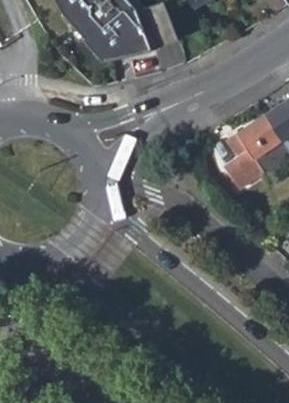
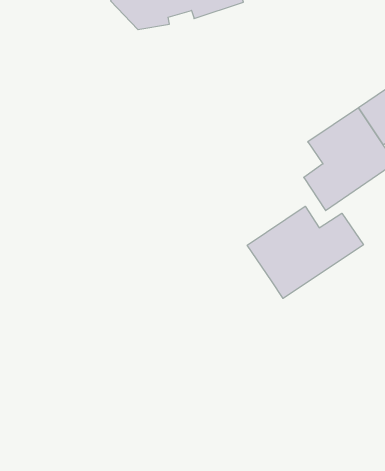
building: none -> [247,206,363,298]

